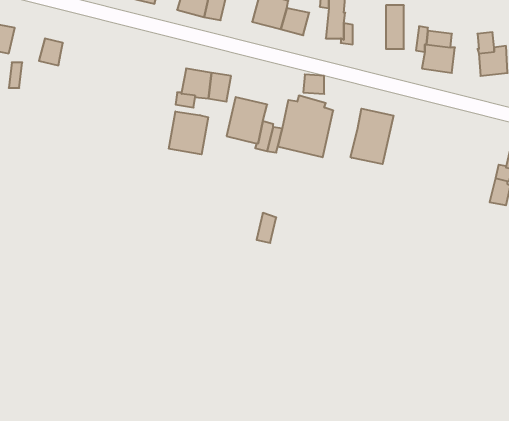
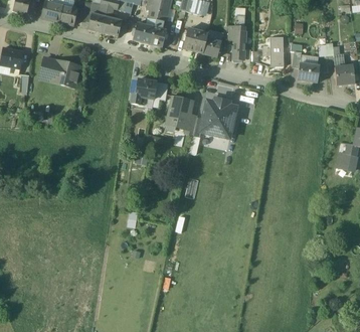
building: none -> [54,61,81,88]
building: [350,109,394,164] -> none
building: [169,111,208,154] -> none

